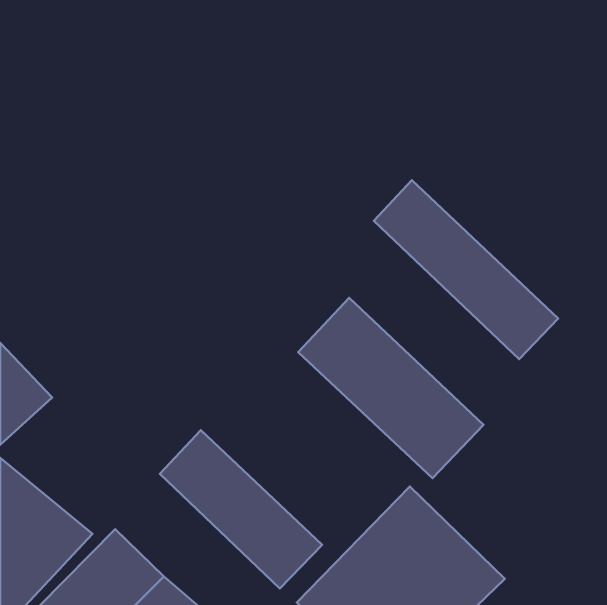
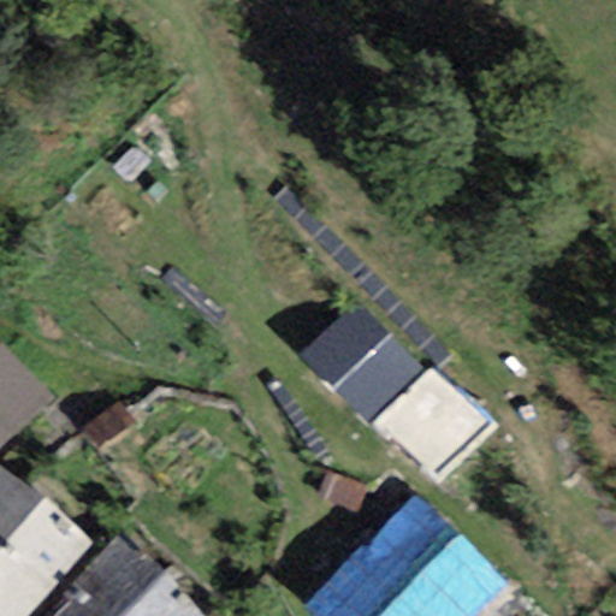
building: [374,180,558,359] -> none
building: [160,430,322,589] -> none

